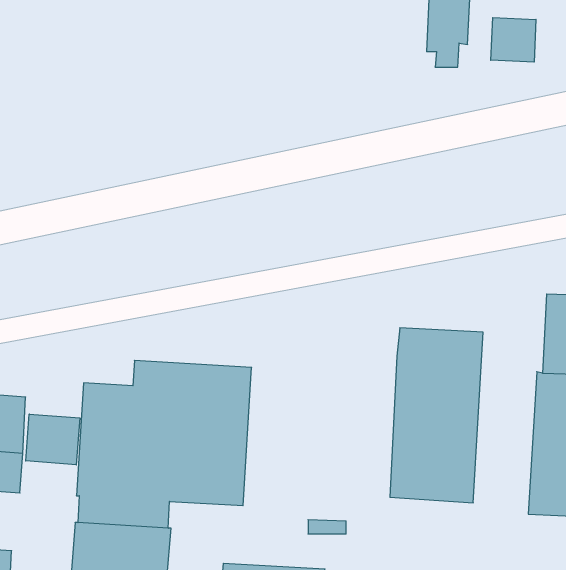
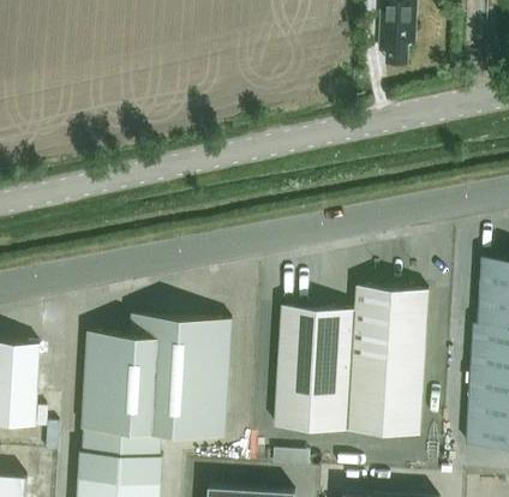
building: [491,18,536,62] -> none
building: none -> [274,307,354,432]
building: [26,414,80,465] -> none

